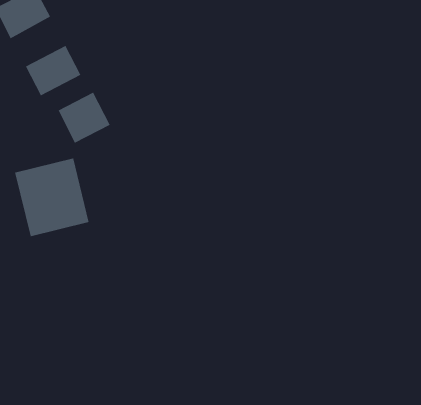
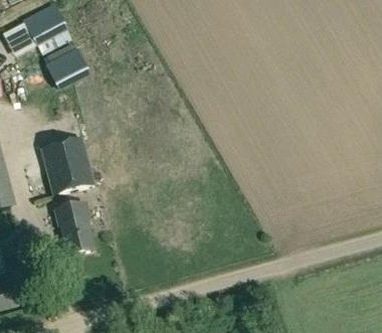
building: [57,91,111,144] -> none
building: none -> [57,203,96,252]

